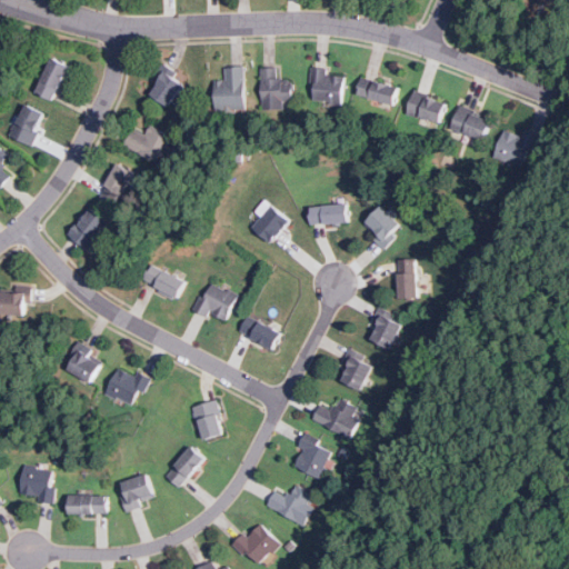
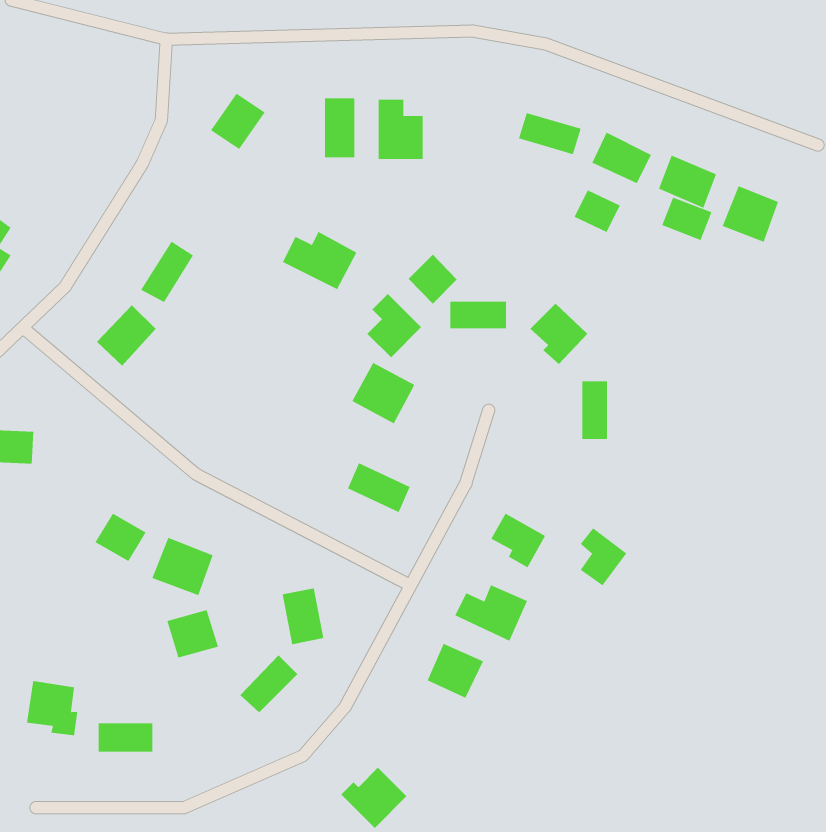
building: [32,58,67,101] -> none
building: [309,68,340,104] -> none
building: [7,104,44,147] -> none
building: [122,124,173,164] -> [282,231,357,290]
building: none -> [574,190,621,233]
building: none -> [662,197,712,241]
building: none -> [408,254,458,304]
building: [141,263,183,300] -> none
building: [192,281,236,323] -> [352,362,415,424]
building: [369,309,401,349] -> [580,528,627,586]
building: [118,475,153,508] -> [167,609,219,658]
building: [264,485,312,526] -> none

